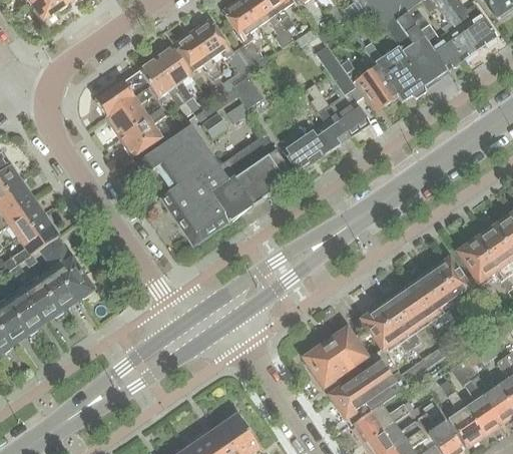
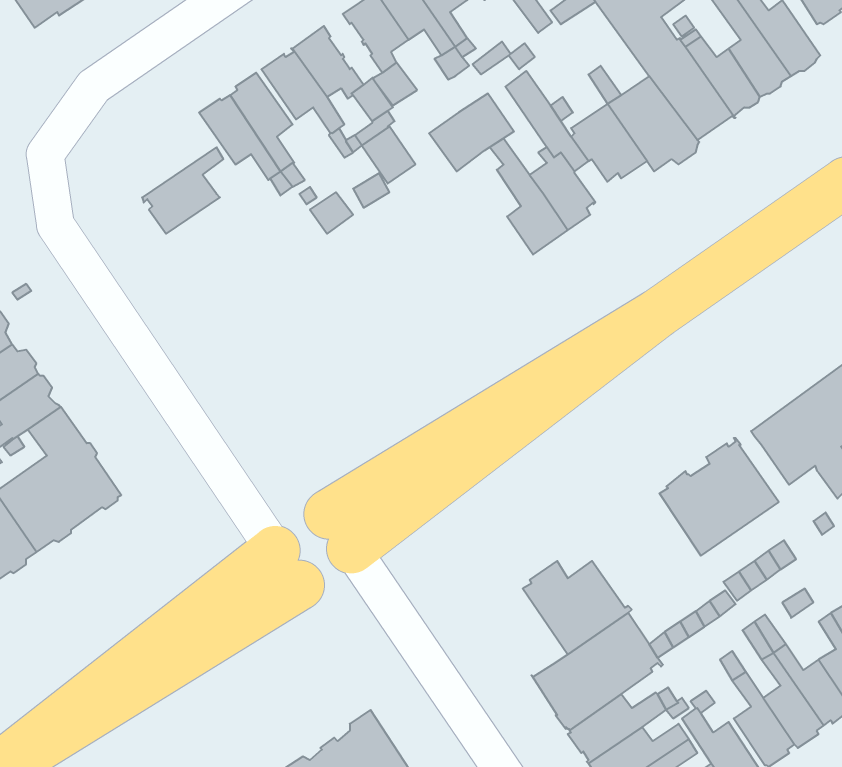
building: [96,72,147,116] -> none
building: [118,105,166,156] -> none
building: [136,124,293,242] -> none
building: [282,127,331,172] -> [429,94,514,171]
building: [359,288,428,354] -> none
building: [304,343,351,387] -> none

